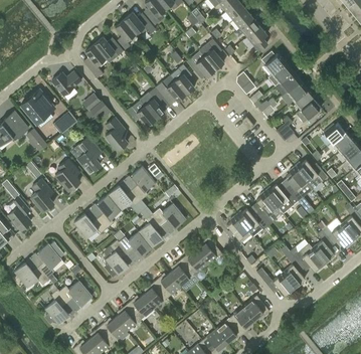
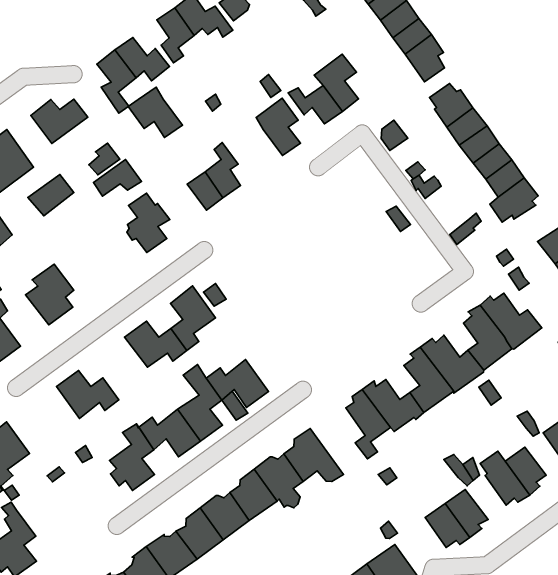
building: [156,75,185,102] -> [128,87,183,137]
building: [76,138,100,174] -> none
building: [97,195,121,228] -> none
building: [56,281,92,306] -> none

